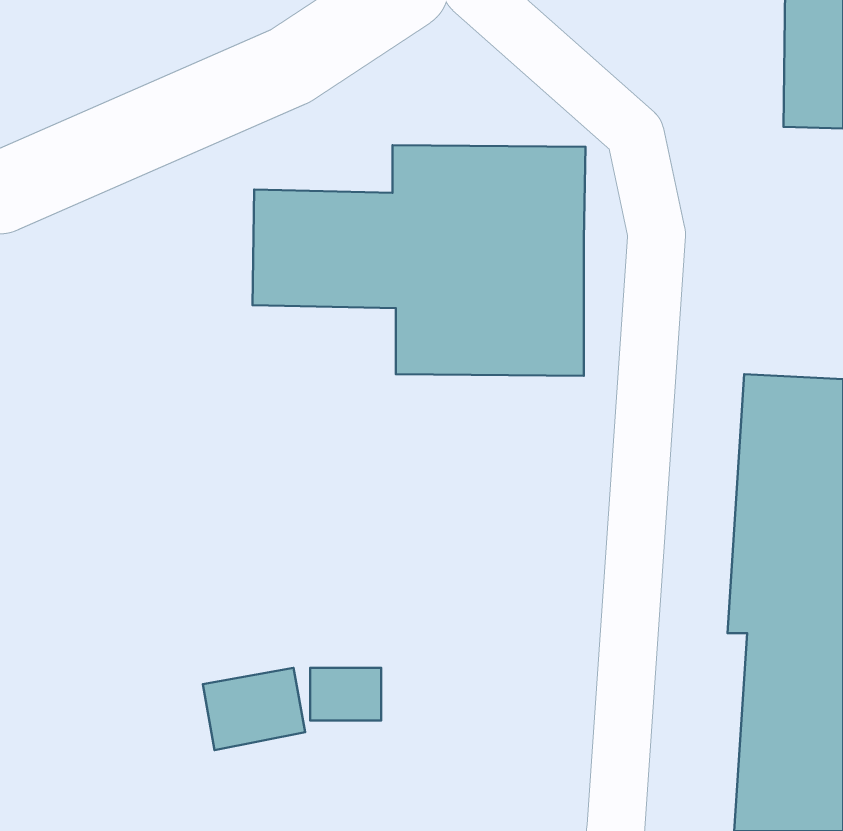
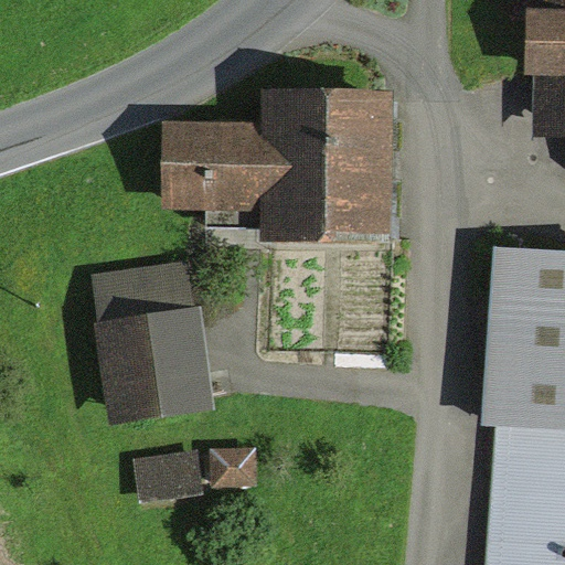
building: none -> [93,258,214,426]

